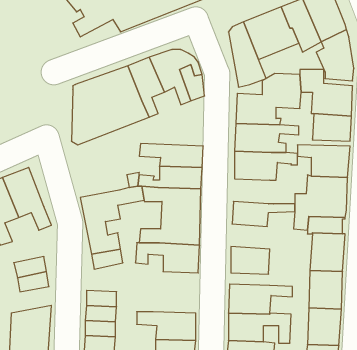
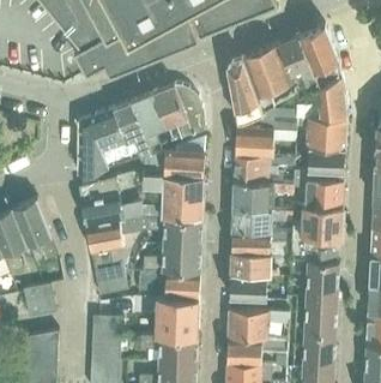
building: none -> [144,151,204,179]
building: none -> [79,178,123,228]
building: none -> [232,210,291,234]
building: none -> [230,253,276,277]
building: none -> [156,299,199,339]

